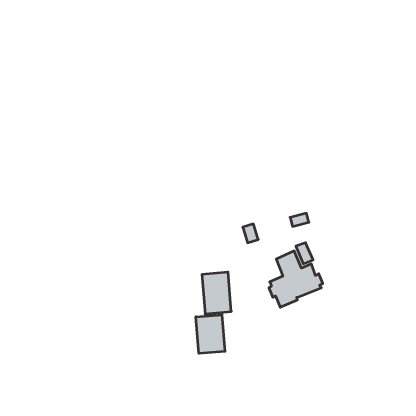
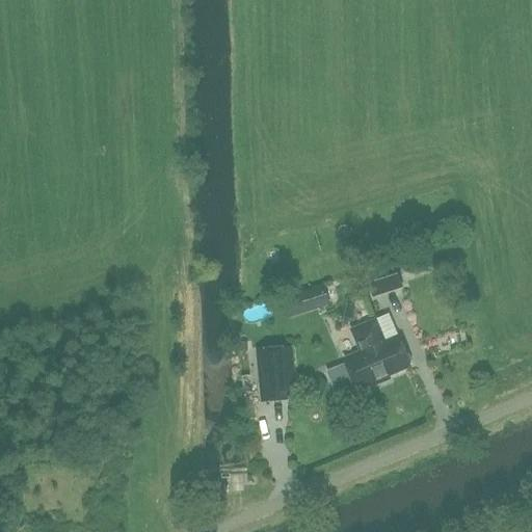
building: [196,315,225,353] -> none

